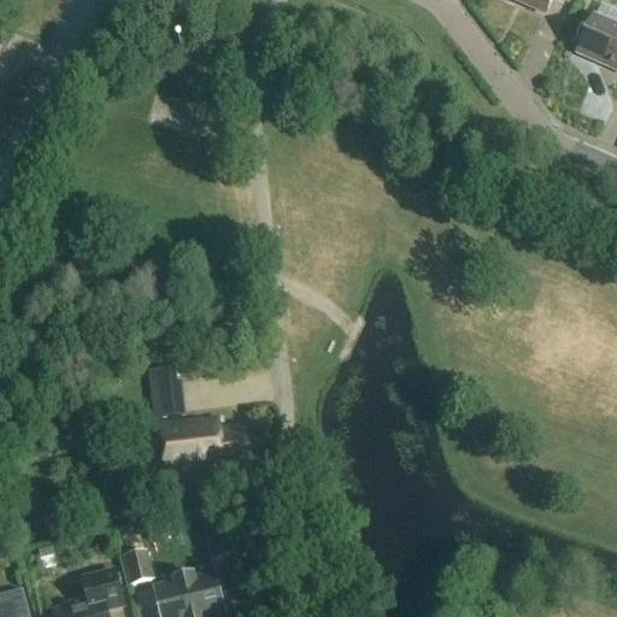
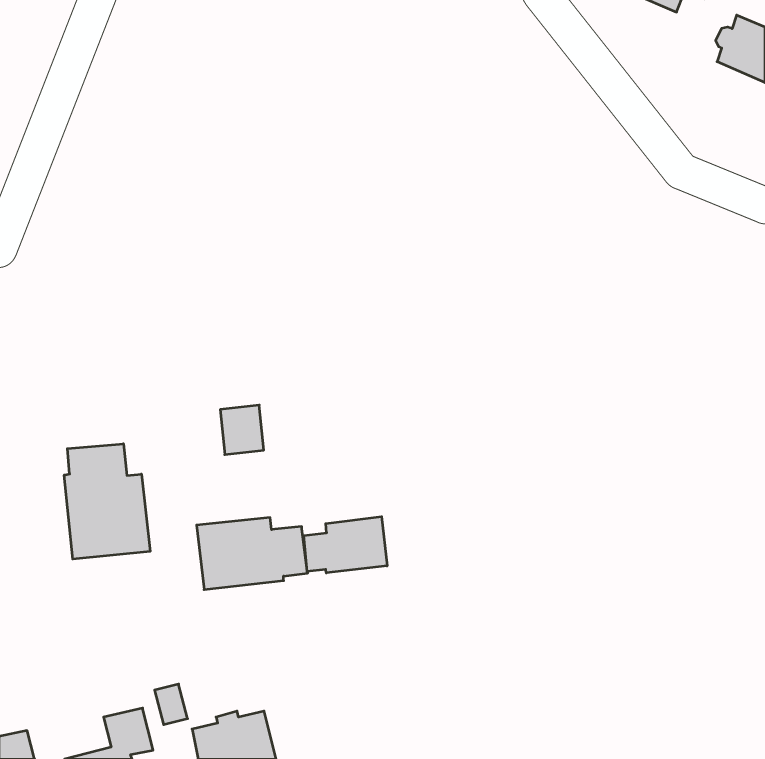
building: none -> [64,444,150,559]
building: [148,377,183,417] -> [220,405,264,455]
building: none -> [304,517,387,573]

